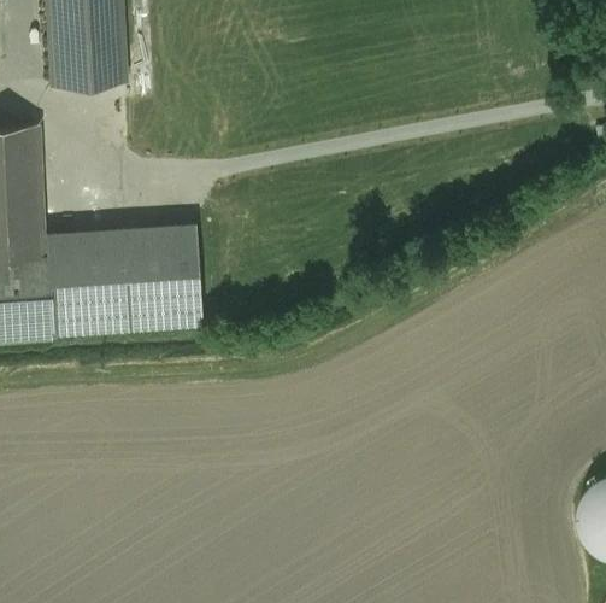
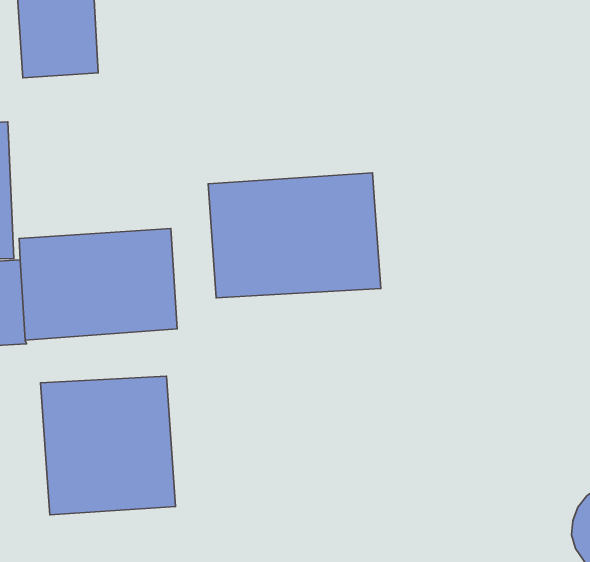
building: none -> [208,173,381,298]
building: none -> [41,376,176,515]

